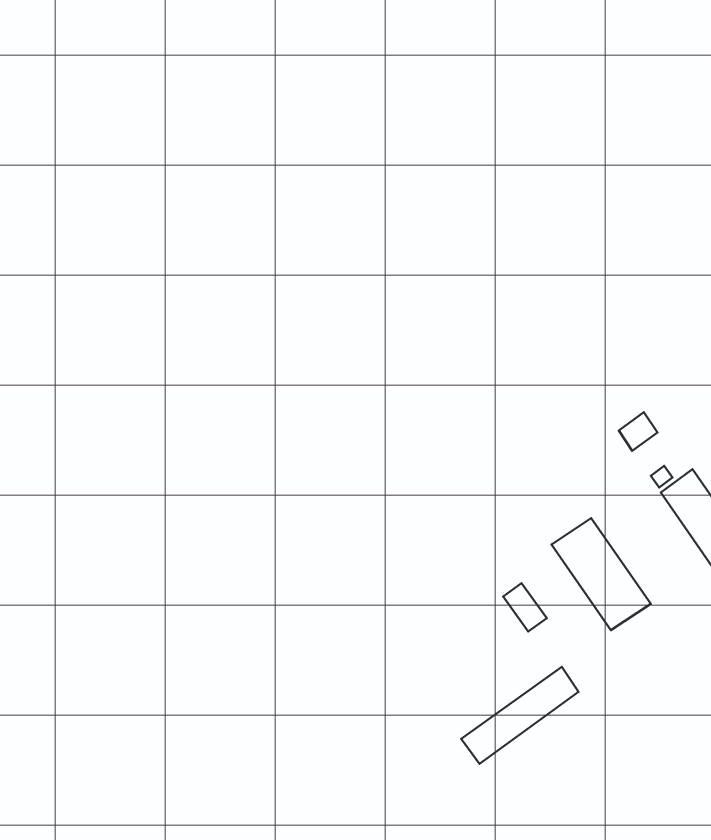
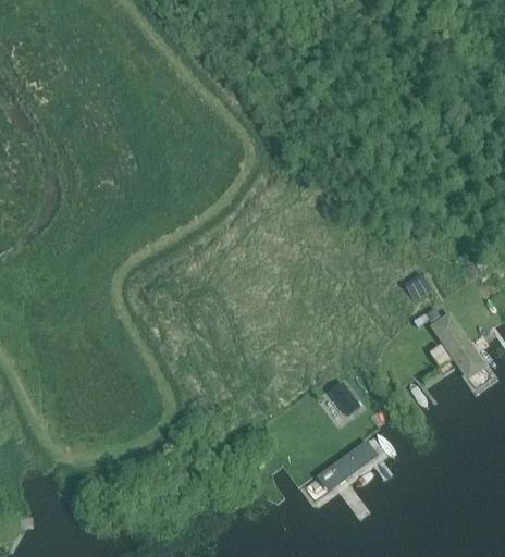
building: [551,518,651,630] -> none

